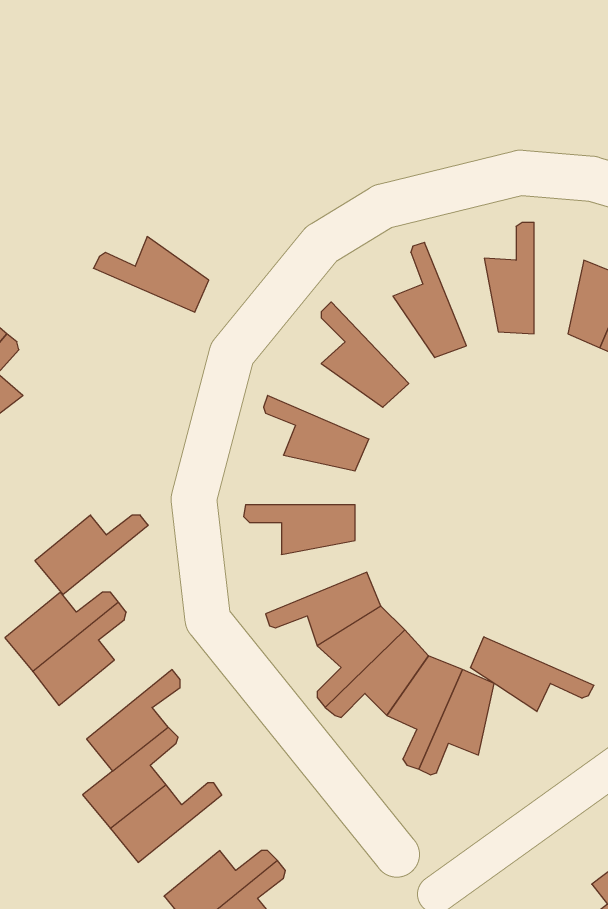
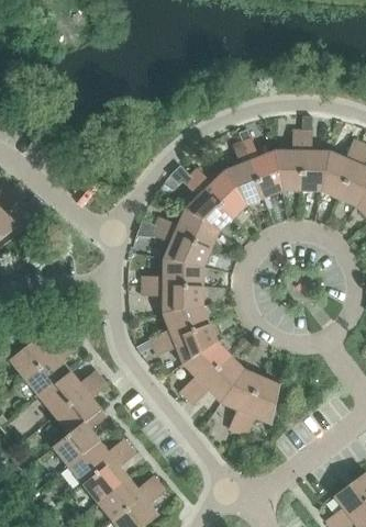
building: none -> [301,130,329,191]
building: [93,237,209,312] -> [154,208,218,249]
building: none -> [241,138,281,198]
building: none -> [189,169,246,218]
building: none -> [142,258,202,285]
building: [35,515,148,595] -> [38,371,101,415]
building: none -> [149,305,209,346]
building: [470,637,594,712] -> none
building: none -> [82,446,134,502]

